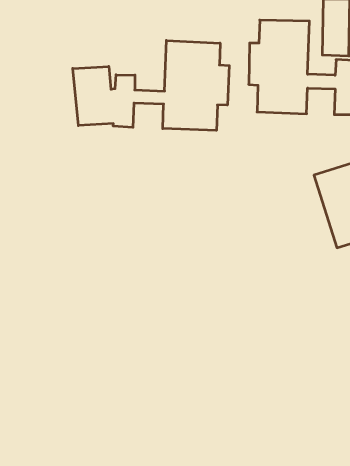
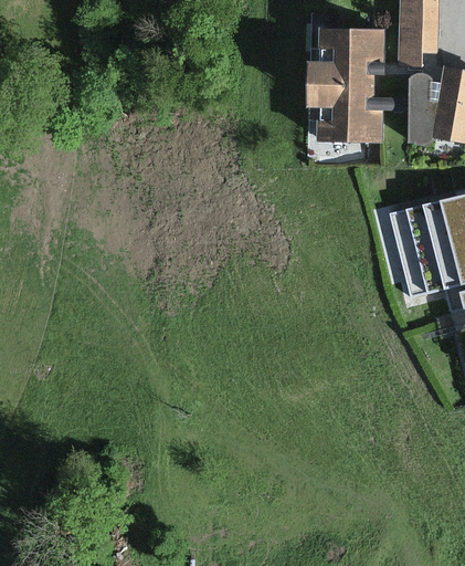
building: [73,40,229,130] -> none

